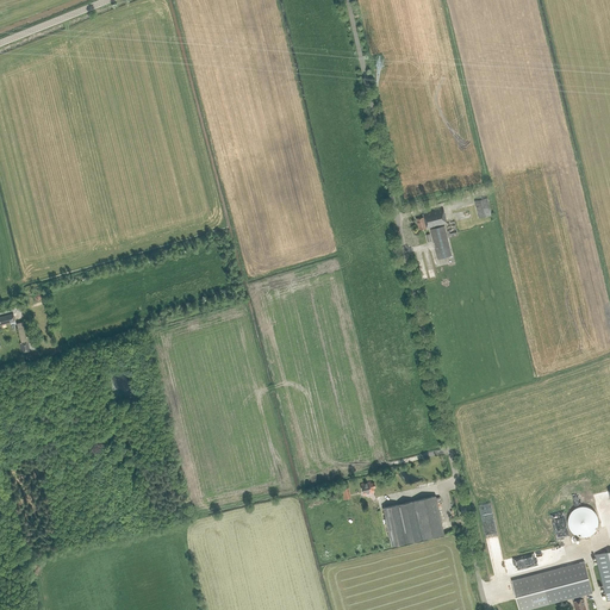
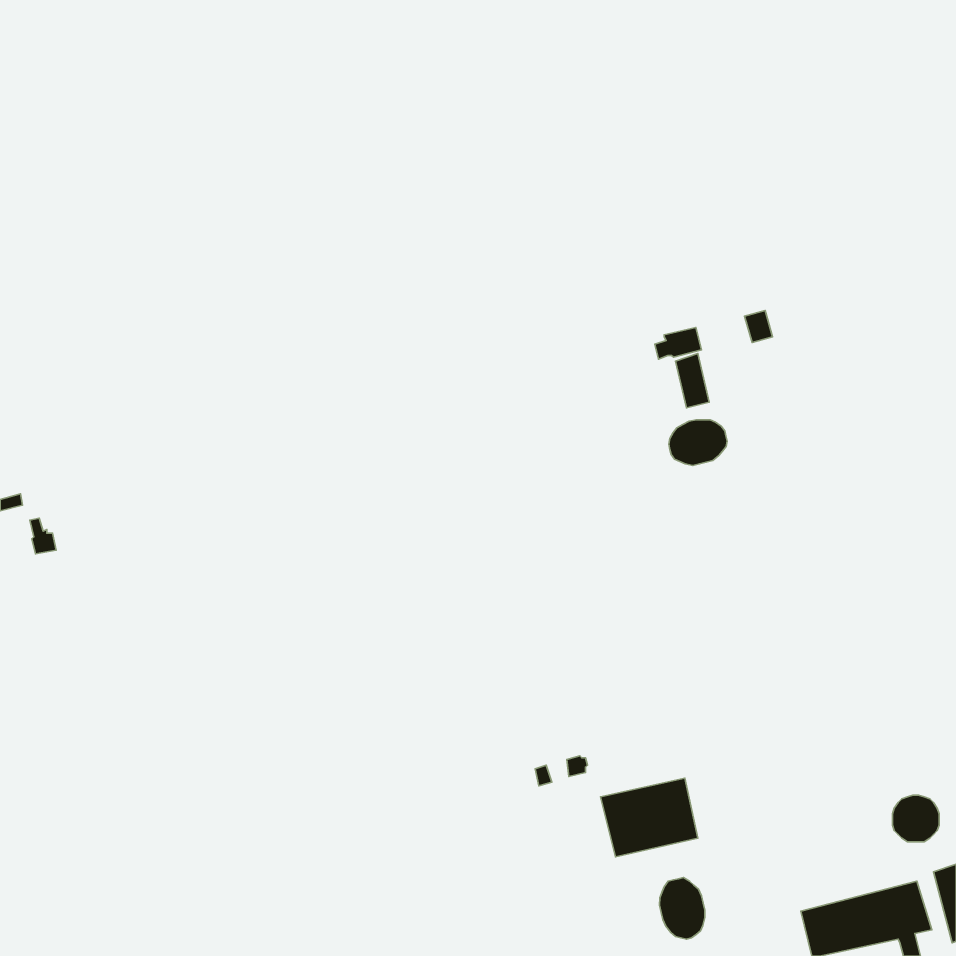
building: none -> [669,420,727,465]
building: none -> [660,878,705,939]

